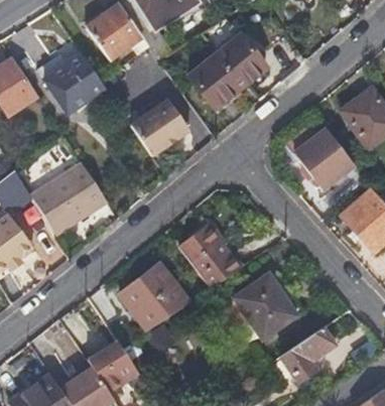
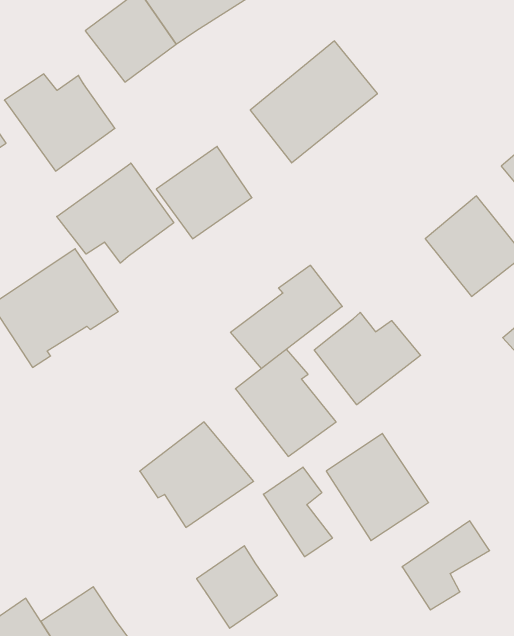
building: none -> [57,163,174,263]
building: none -> [231,265,342,368]
building: none -> [314,312,421,405]
building: none -> [263,467,332,557]
building: [86,339,135,389] -> [197,546,277,628]

